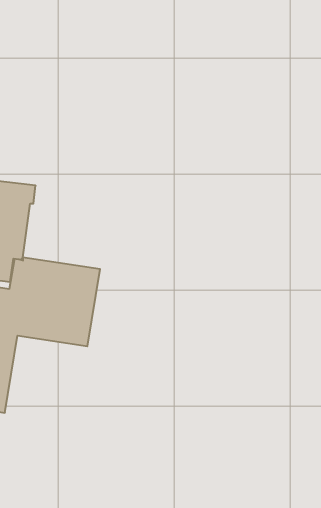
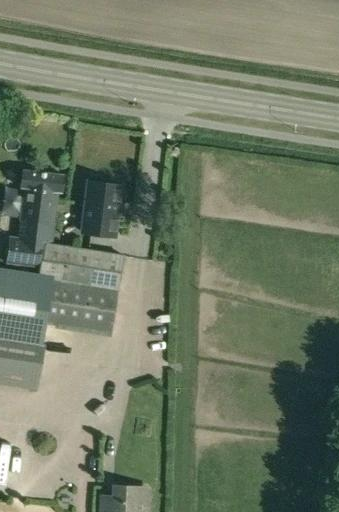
building: none -> [81,180,121,237]

